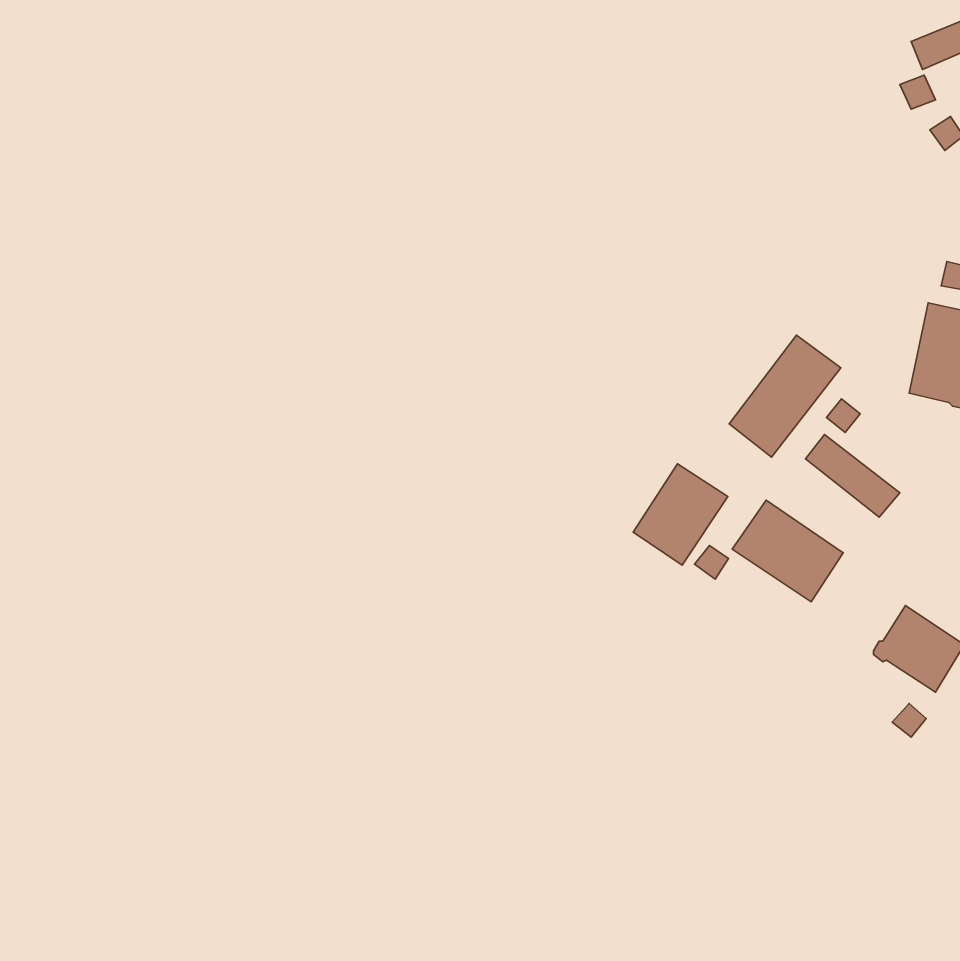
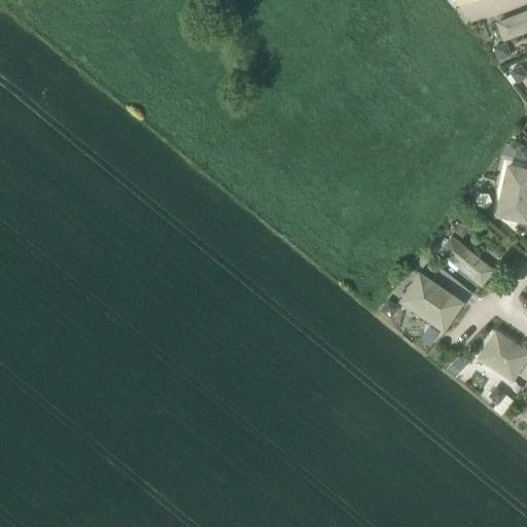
building: [729,335,841,457] -> none
building: [633,464,728,565] -> none

